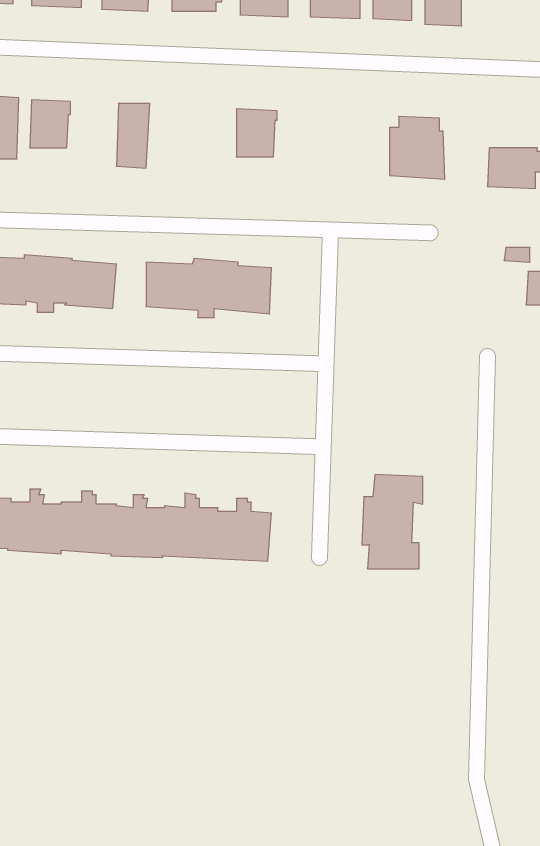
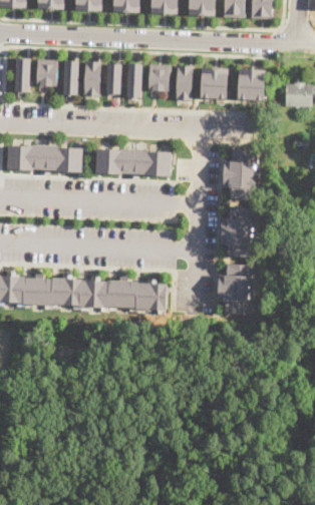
building: none -> [63,60,78,94]
building: none -> [107,62,123,93]
building: none -> [127,62,142,97]
building: none -> [172,64,191,100]
building: none -> [199,66,223,99]
building: none -> [223,149,258,199]
building: none -> [219,205,252,257]

